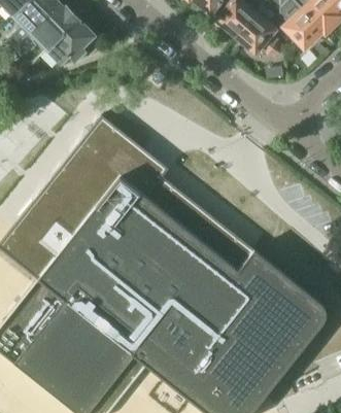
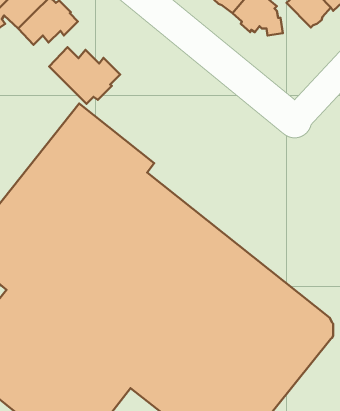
building: none -> [49,47,120,104]

